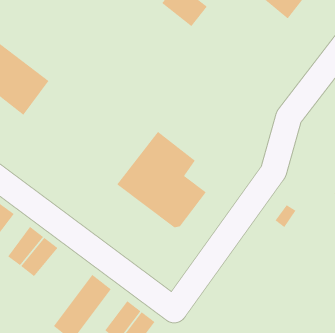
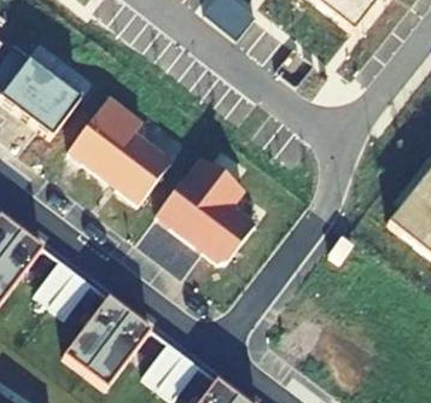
building: none -> [69,95,173,202]
building: none -> [63,293,128,368]

